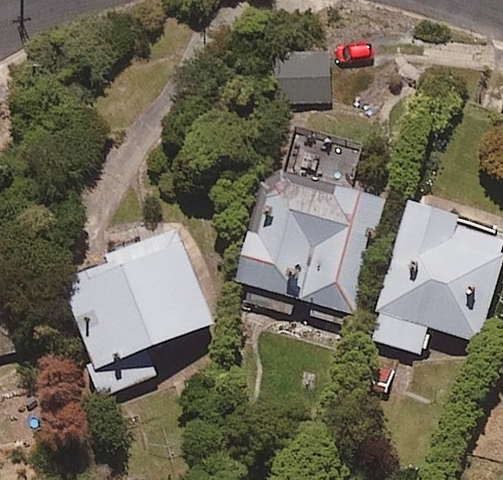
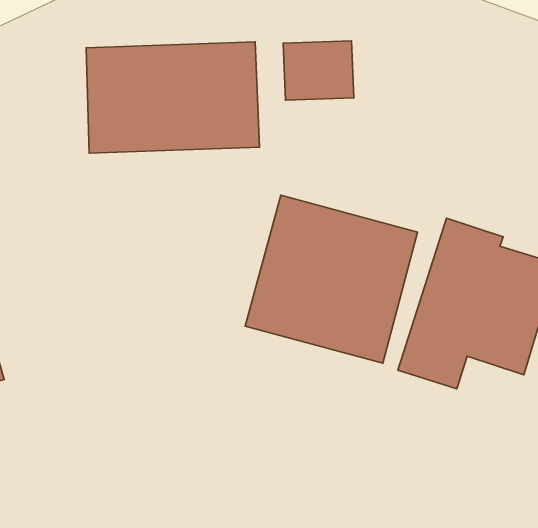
building: none -> [86,42,260,153]
building: [56,225,214,391] -> none

